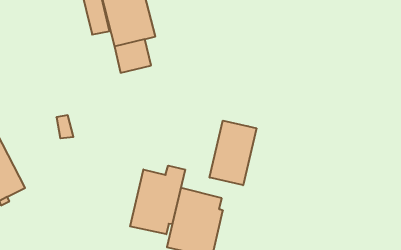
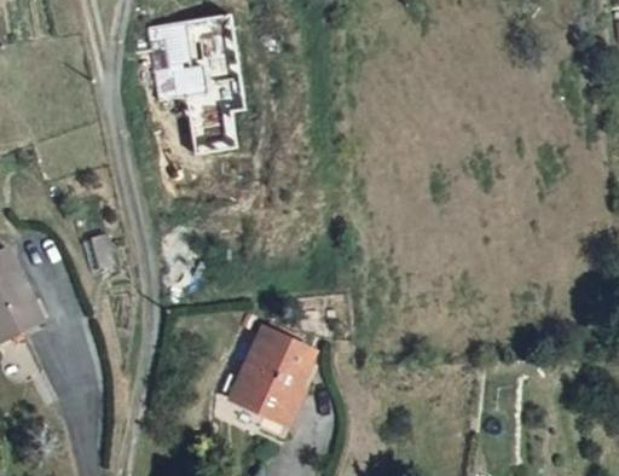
building: [210,121,256,185] -> none
building: [130,166,185,234] -> none

